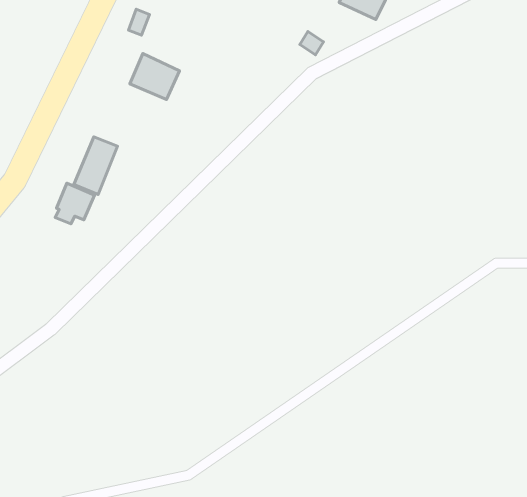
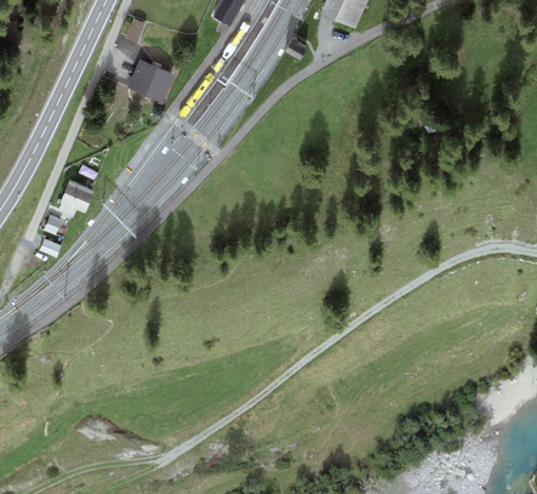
building: [74,137,118,195] -> none

